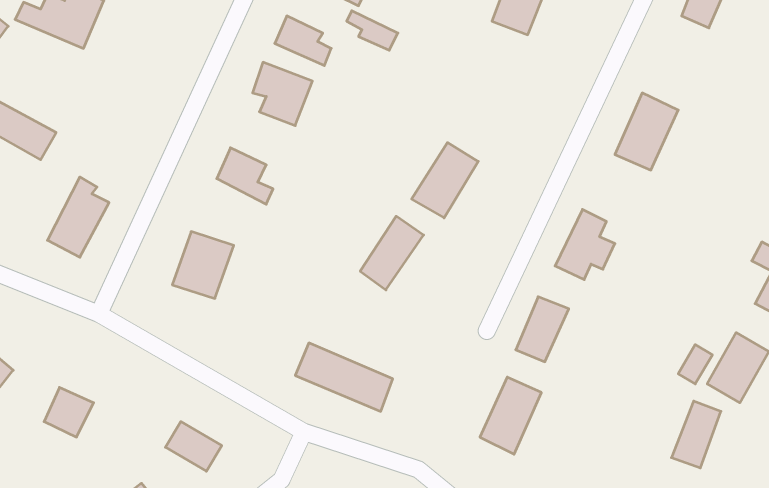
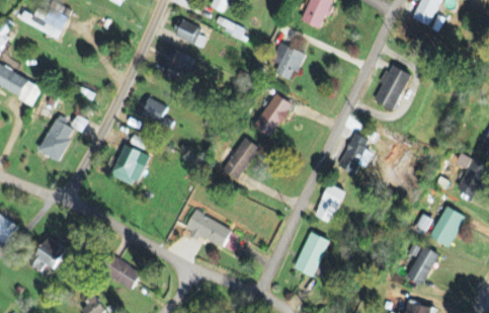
building: none -> [268,43,306,79]

